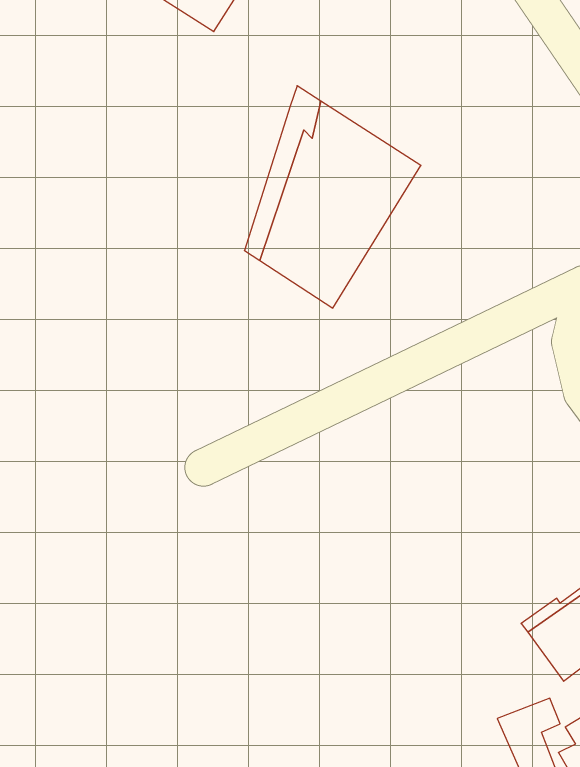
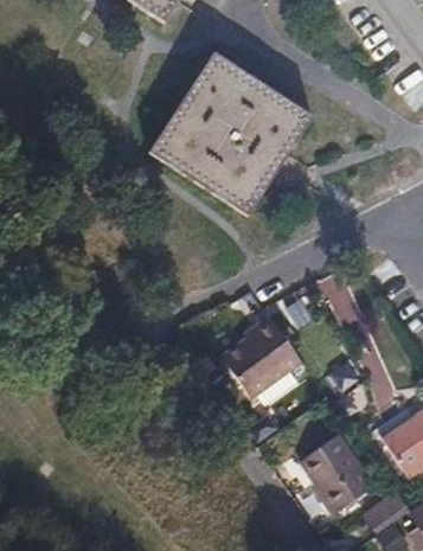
building: none -> [150,55,224,175]
building: none -> [224,310,297,386]
building: none -> [299,441,368,511]

